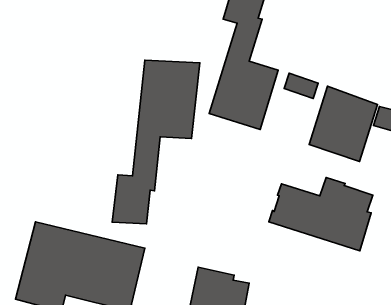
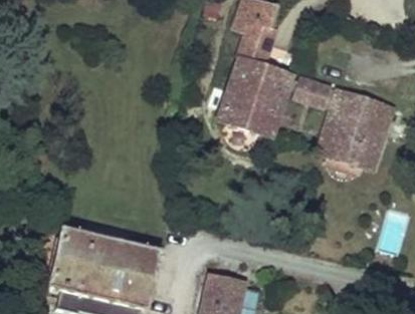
building: [112,60,200,224] -> none
building: [269,178,373,251] -> none

